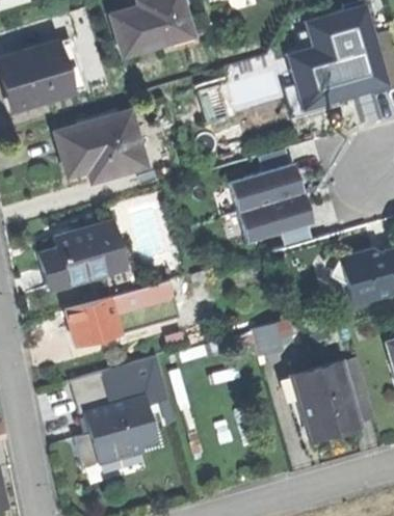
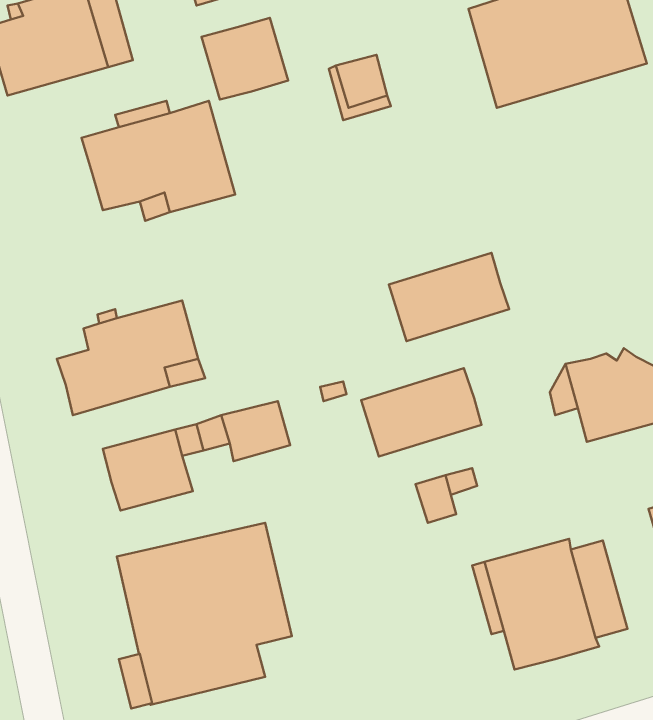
building: none -> [202,18,288,99]
building: [225,163,295,215] -> [361,368,481,457]

